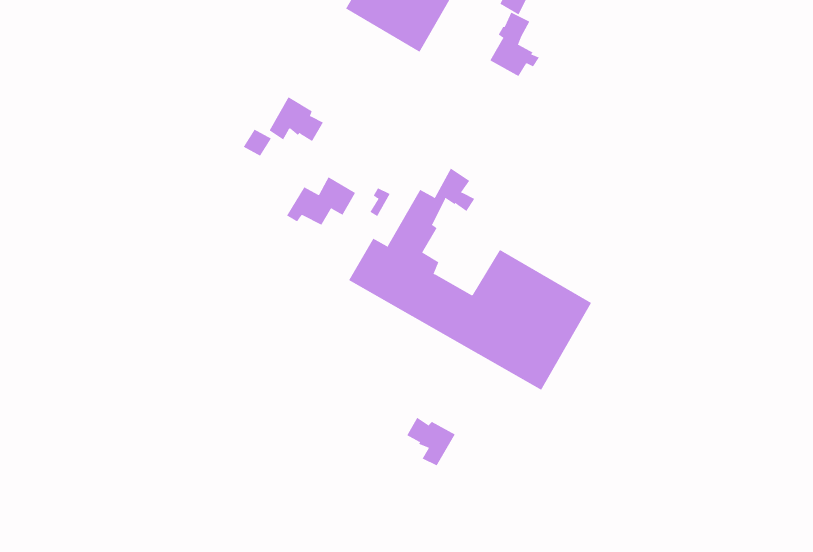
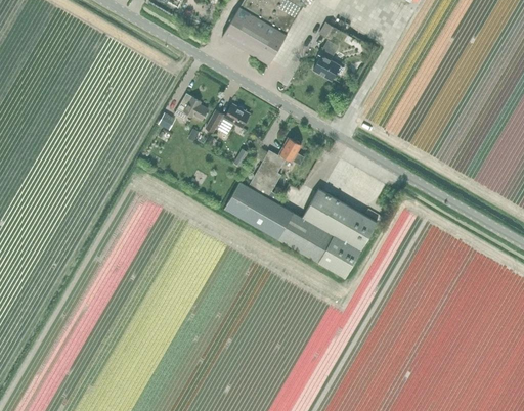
building: [286,177,356,225] -> [206,103,250,134]
building: [406,417,456,466] -> none

